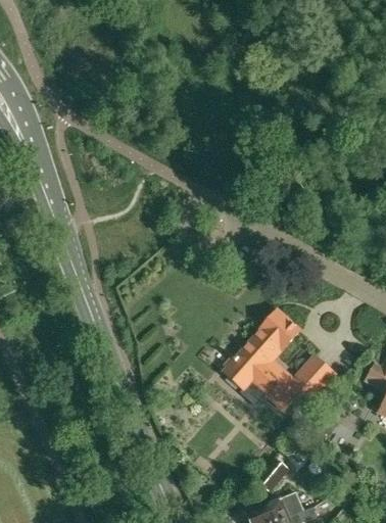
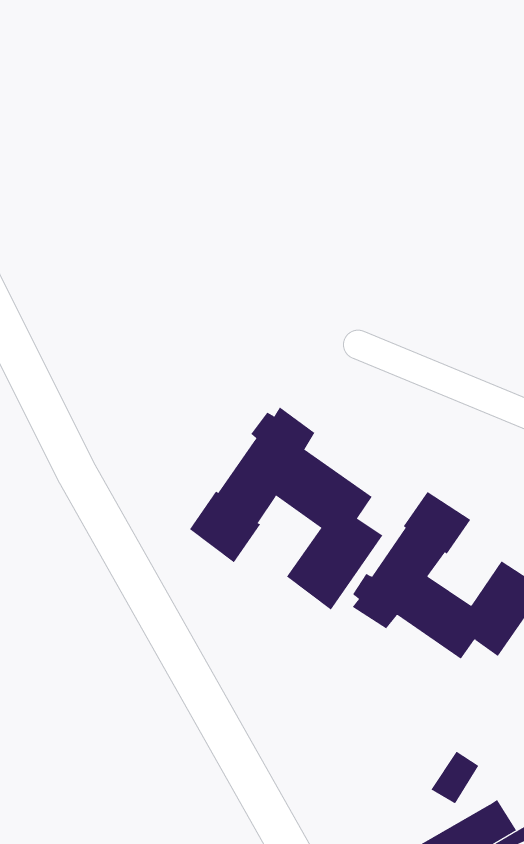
building: none -> [189,406,383,610]

